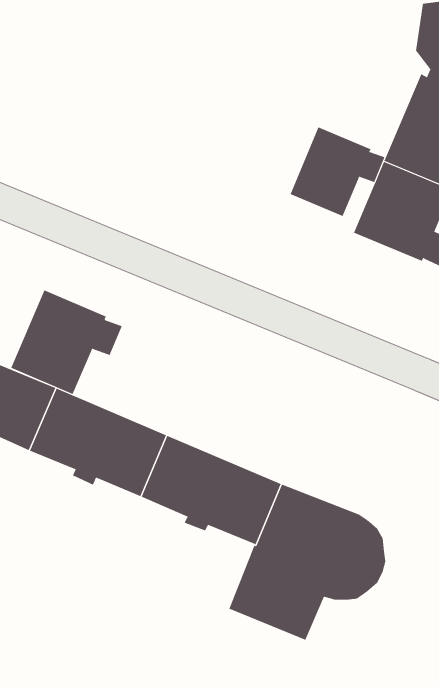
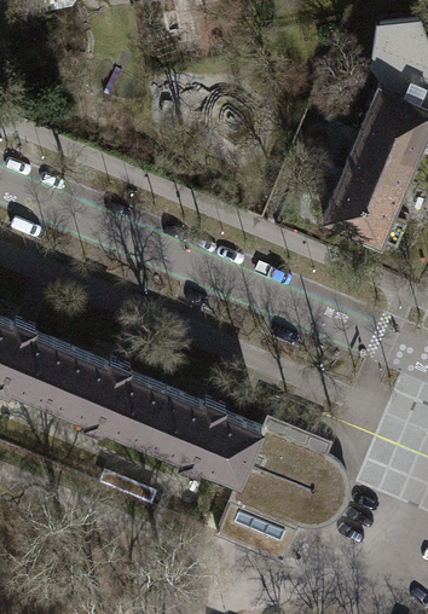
building: [290,127,385,217] -> none
building: [11,289,123,395] -> none

